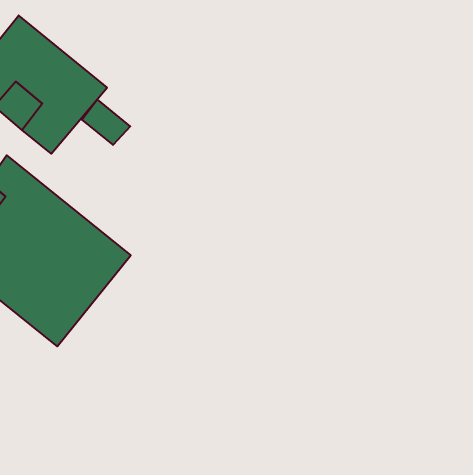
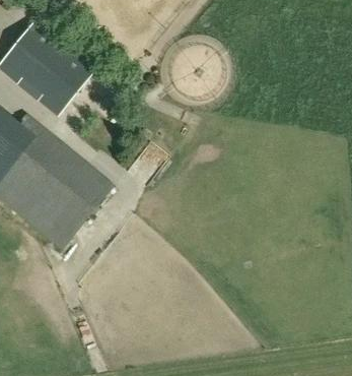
building: [82,99,130,145] -> none

